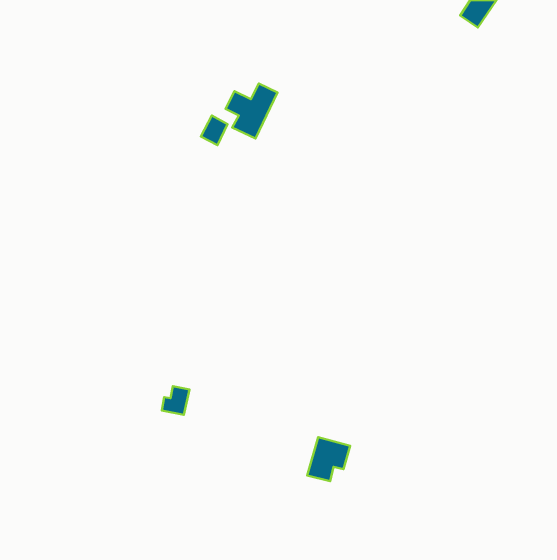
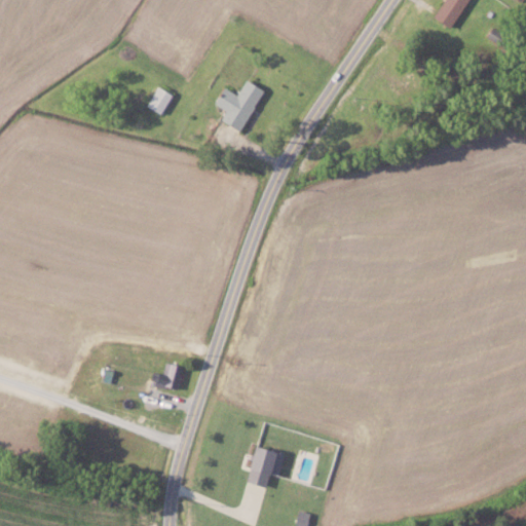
building: [201,115,227,145] -> [149,86,174,114]
building: [307,437,350,481] -> [246,446,286,487]

